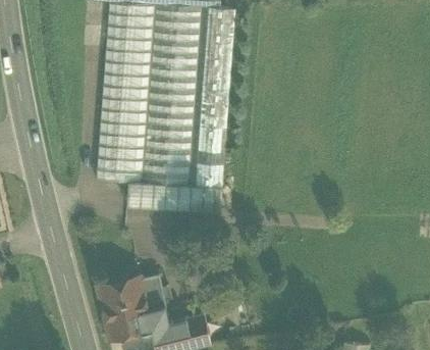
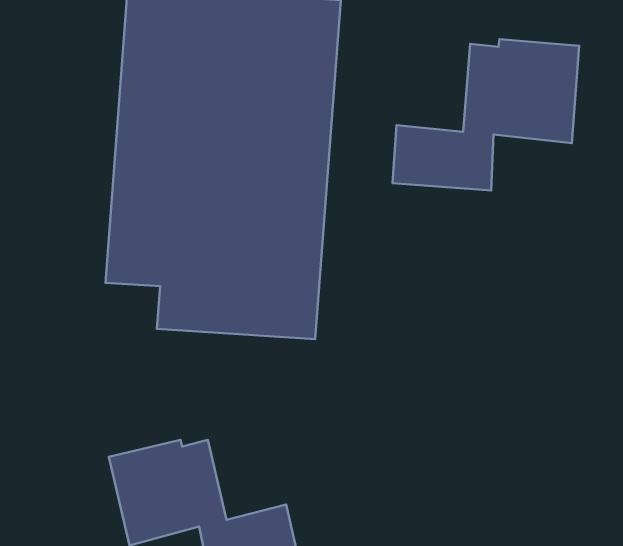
building: none -> [392,39,579,191]

